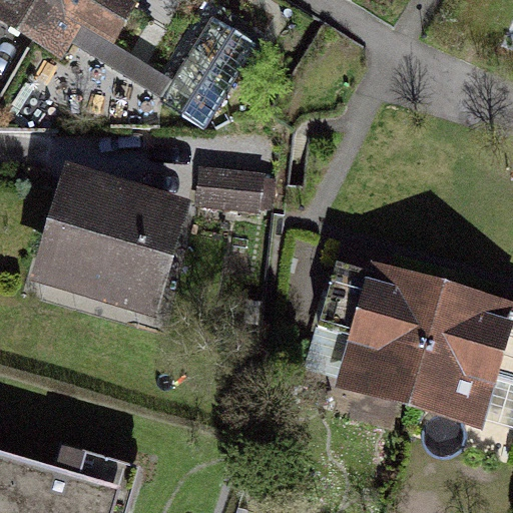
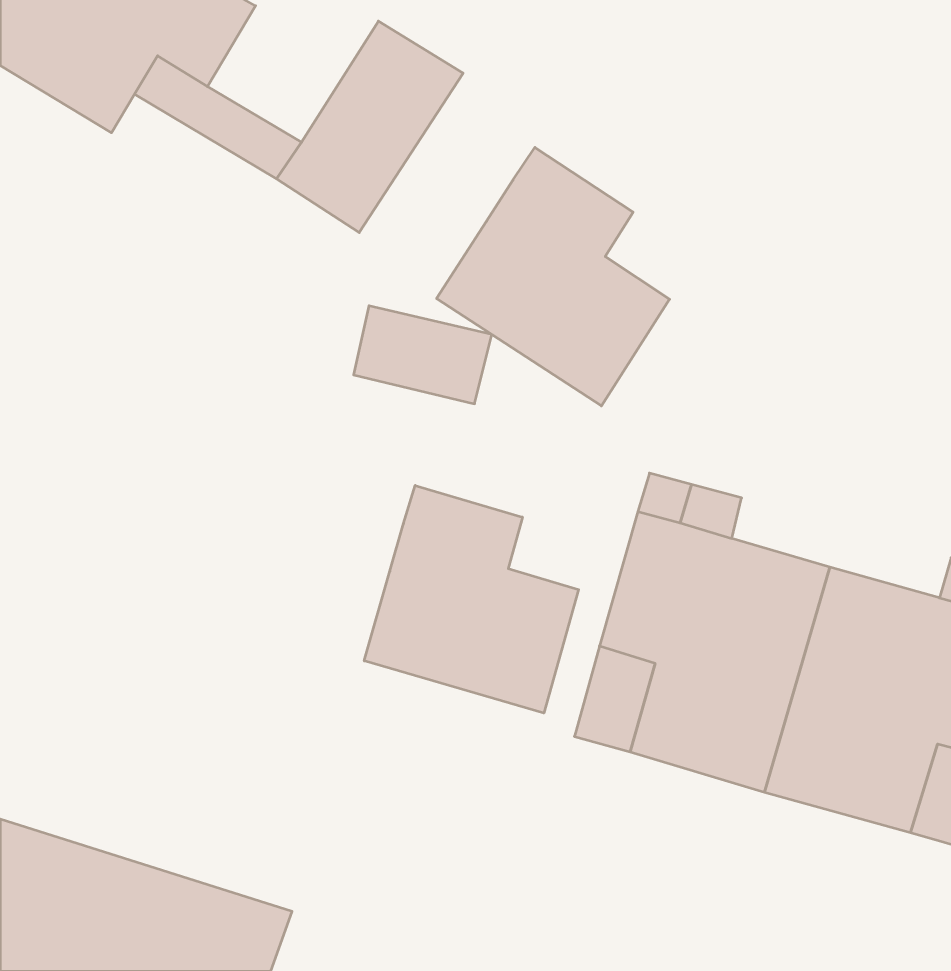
building: none -> [437,147,670,406]
building: [26,170,192,327] -> none
building: none -> [364,485,579,713]

